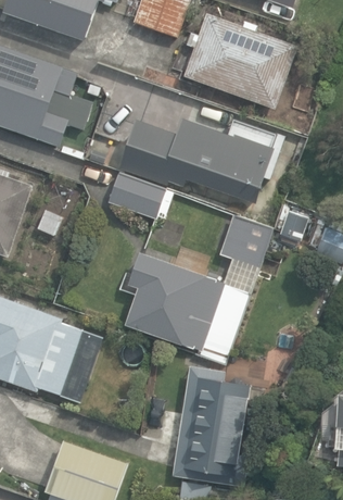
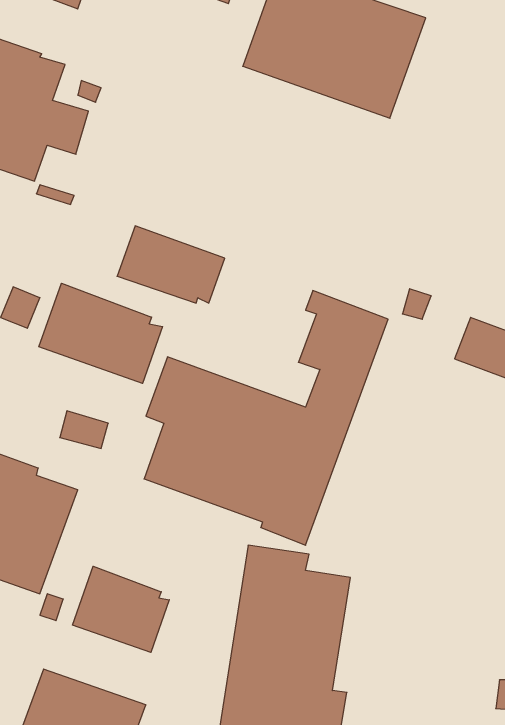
building: [123,118,281,204] -> none
building: none -> [39,283,163,383]
building: none -> [72,566,169,652]

